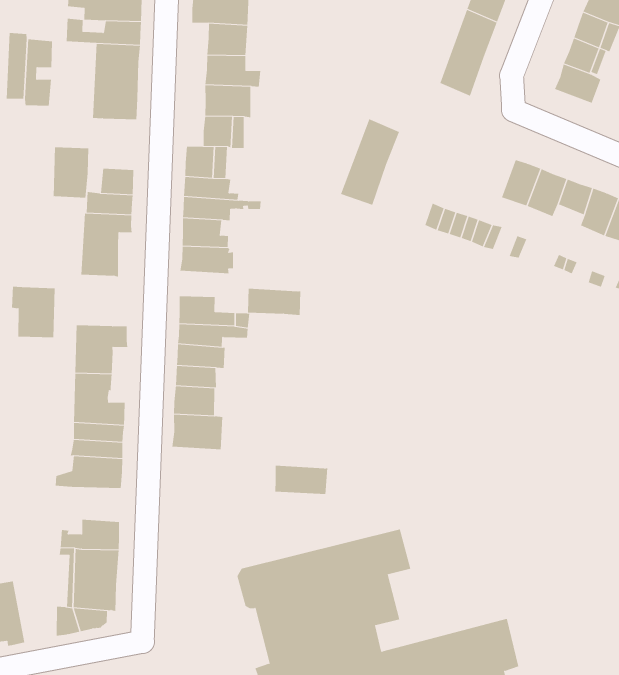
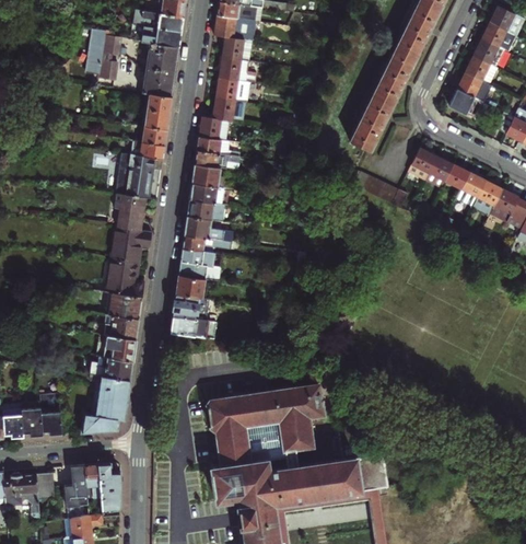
building: [340,118,400,206] -> [350,92,394,150]
building: [53,147,89,198] -> [144,92,172,128]
building: [11,286,55,338] -> [115,193,145,230]
building: [247,288,301,316] -> [187,198,224,220]
building: [274,465,328,495] -> [170,314,207,337]
building: none -> [96,334,136,360]

